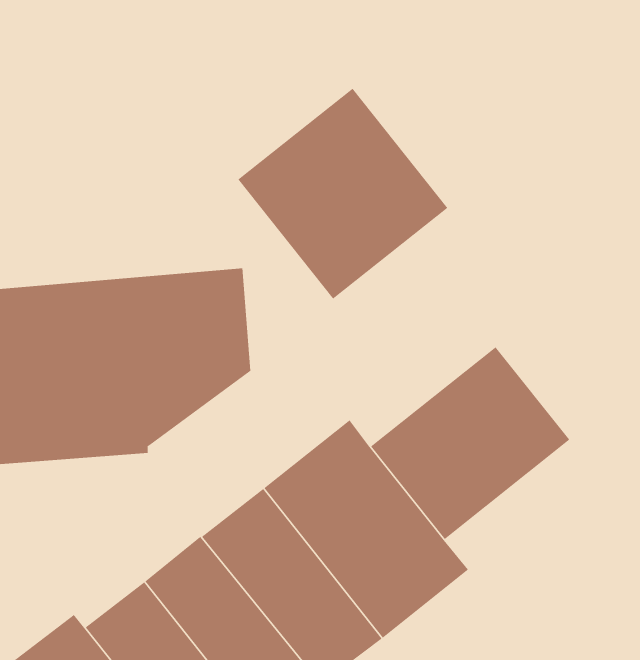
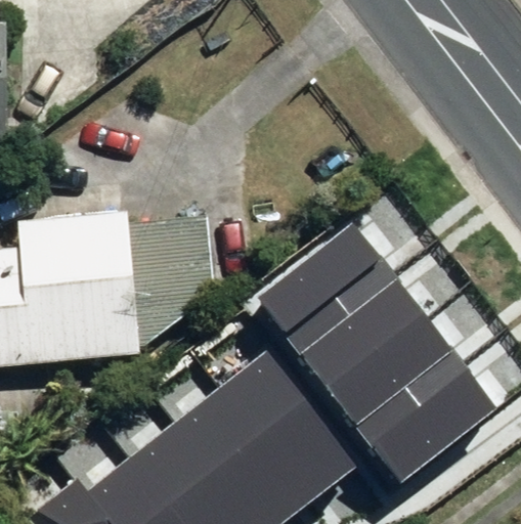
building: [238,88,448,300] -> none
building: none -> [259,224,397,354]
building: none -> [358,349,497,480]

